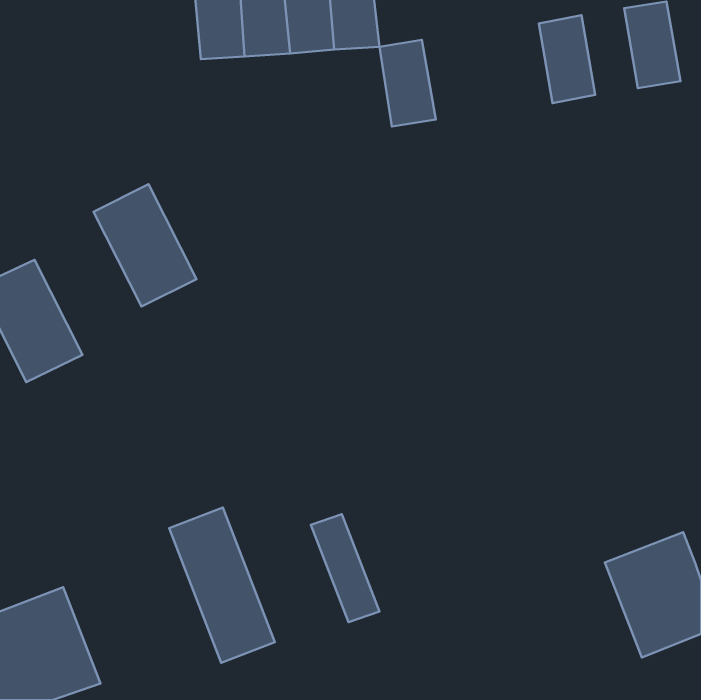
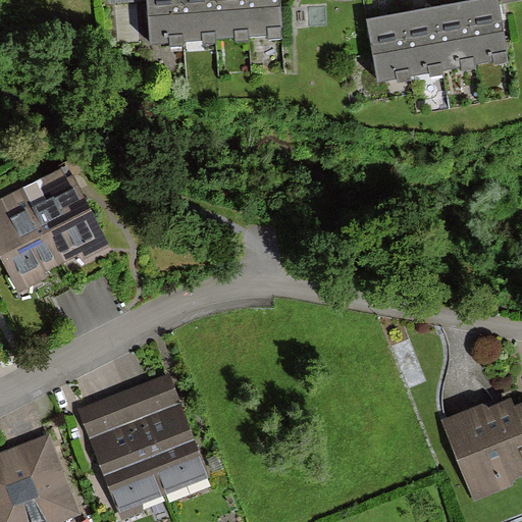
building: none -> [431,6,473,70]
building: [379,40,436,127] -> [368,17,410,82]
building: [94,184,197,307] -> [25,172,102,263]
building: [311,514,379,622] -> none
building: none -> [83,392,164,508]

